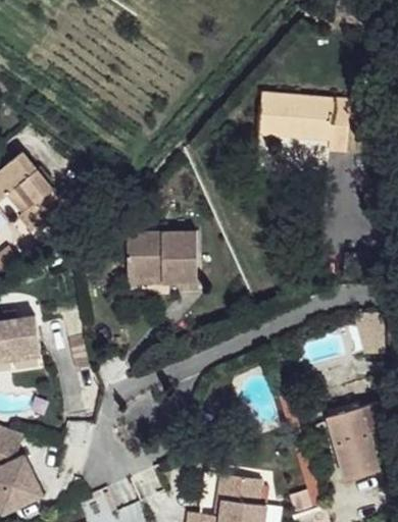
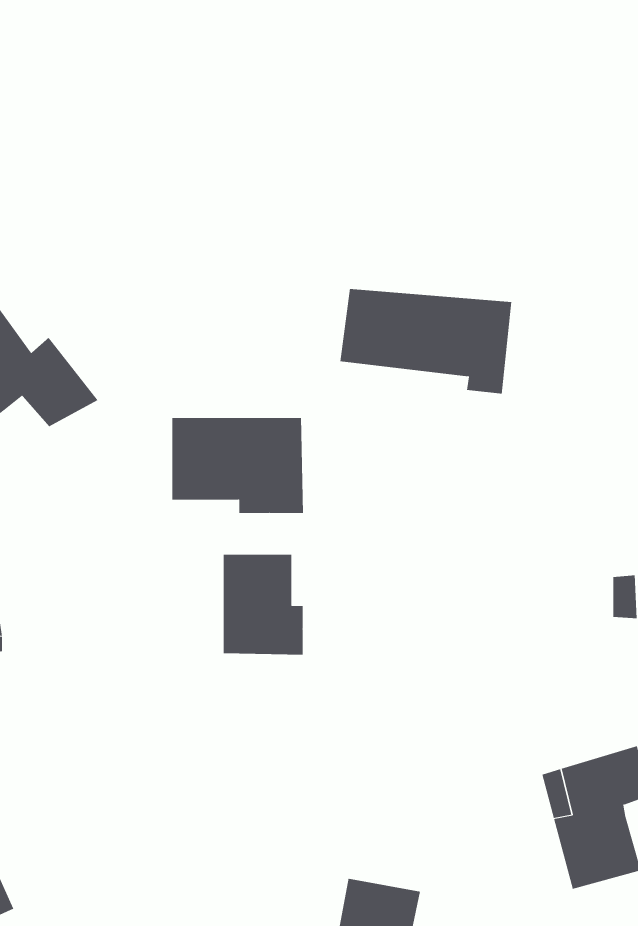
building: [256,99,348,155] -> [340,289,512,394]
building: none -> [223,554,303,655]

